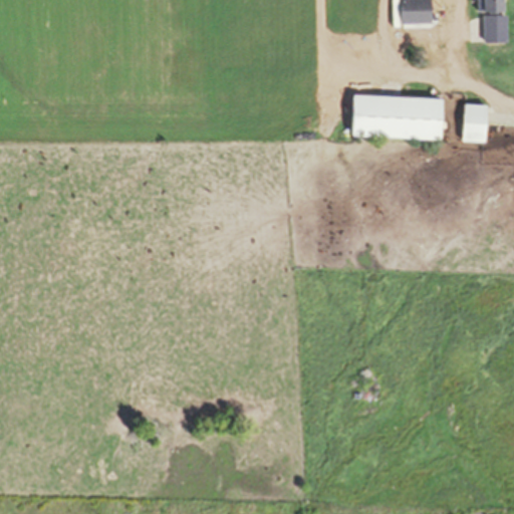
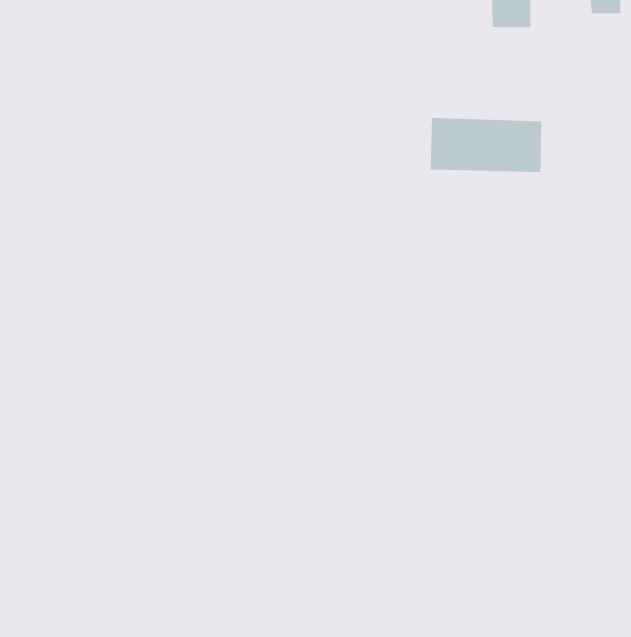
building: [485,14,508,41] -> none
building: [463,103,487,142] -> none

